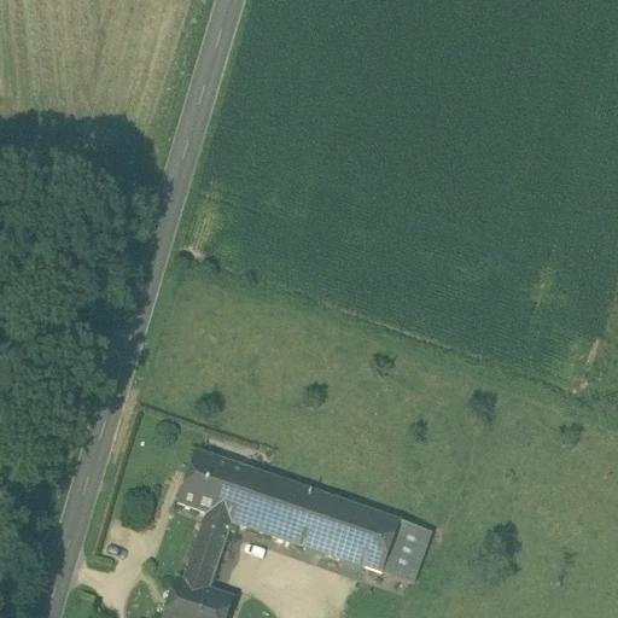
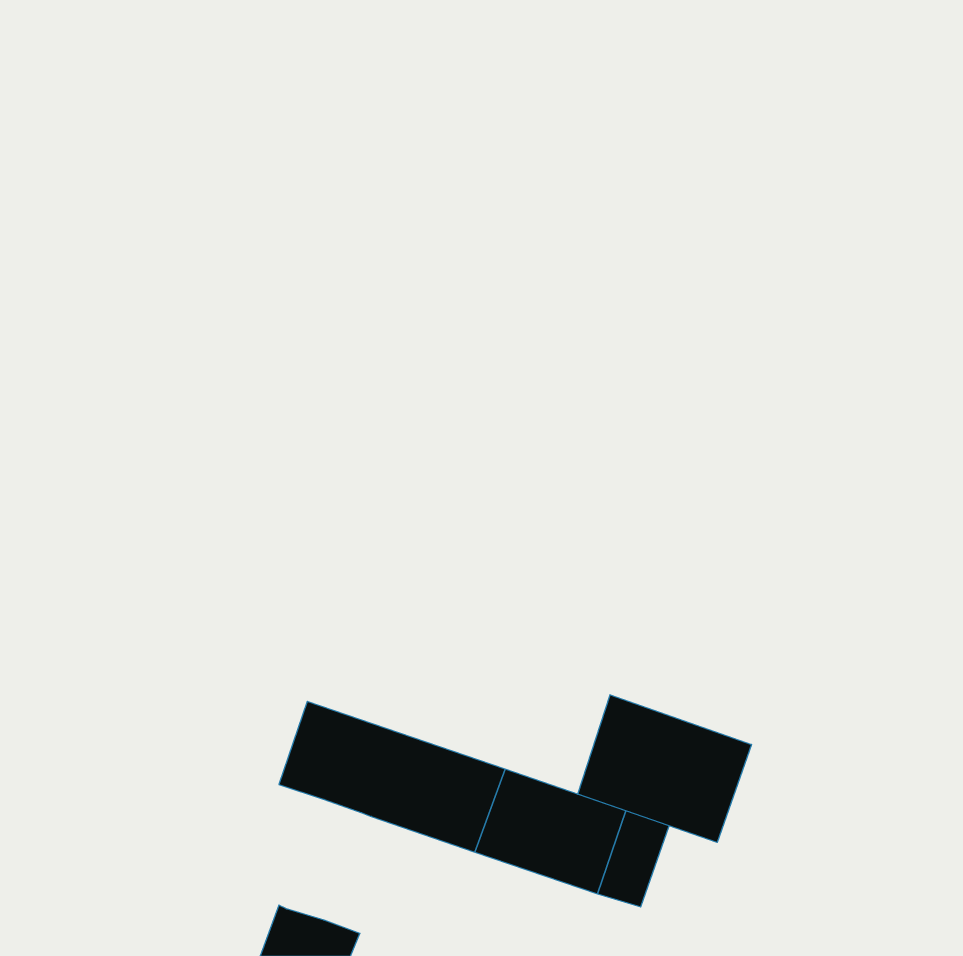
building: none -> [578,695,751,842]
building: [183,512,232,589] -> none

